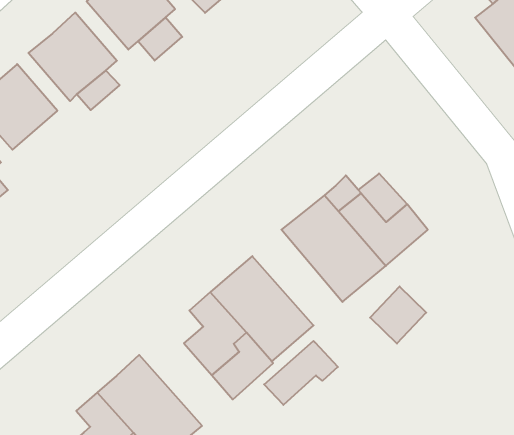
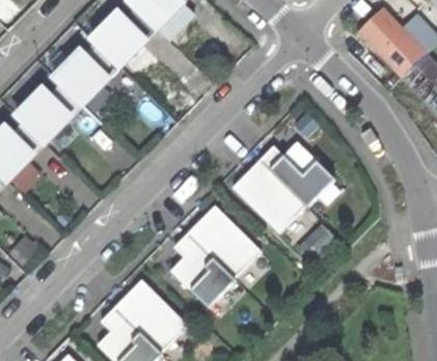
building: [264,341,338,405] -> none

